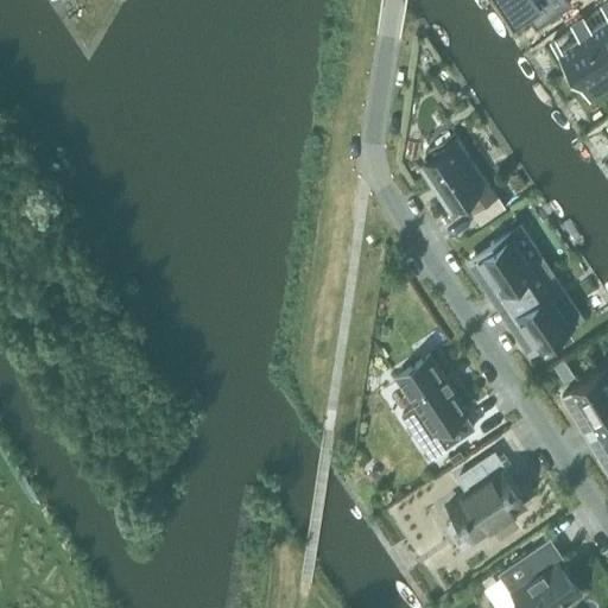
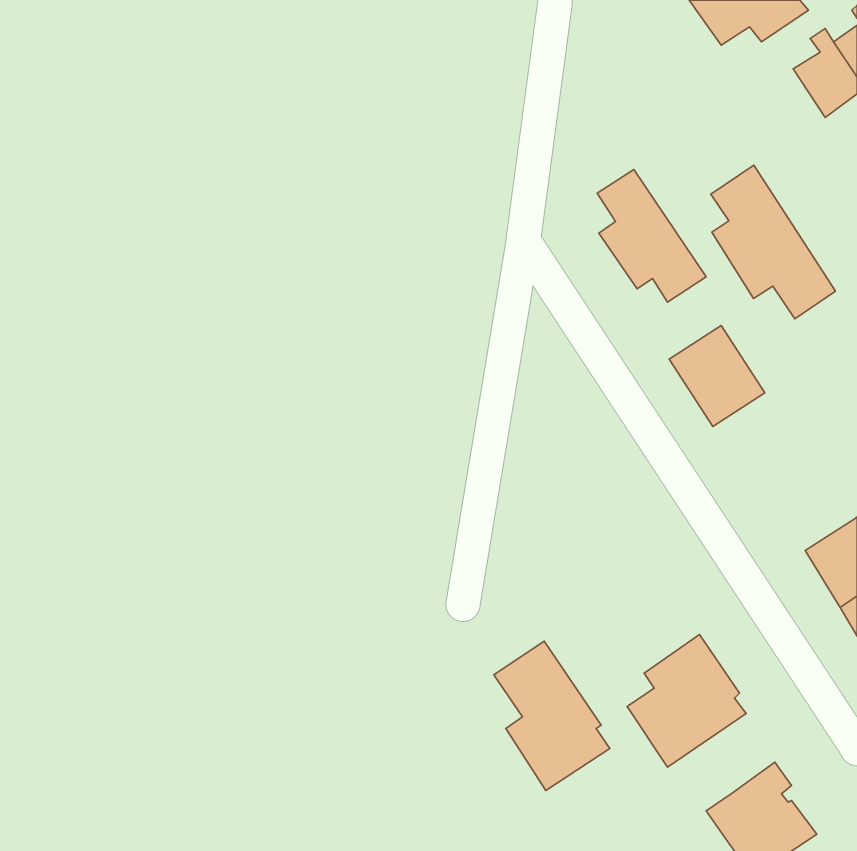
building: none -> [711,165,835,319]
building: [505,283,572,354] -> none
building: [394,355,476,461] -> [494,641,610,791]

